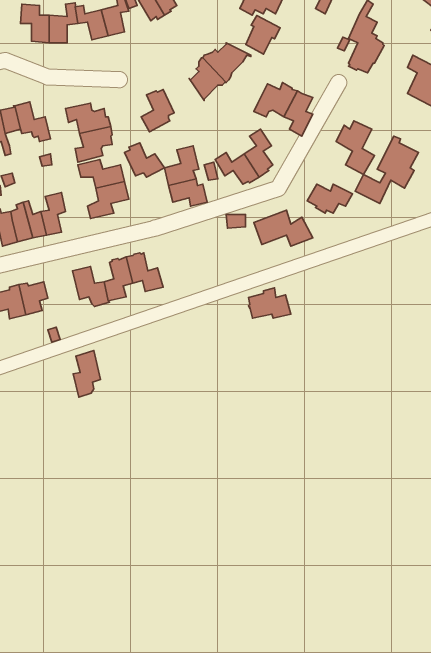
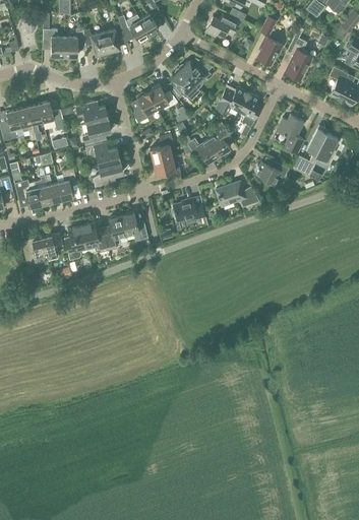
building: [246,16,280,54] -> [257,37,283,65]
building: [125,143,164,177] -> [148,84,178,110]
building: [248,288,291,318] -> [174,198,205,220]
building: [73,351,101,397] -> [66,225,86,260]

